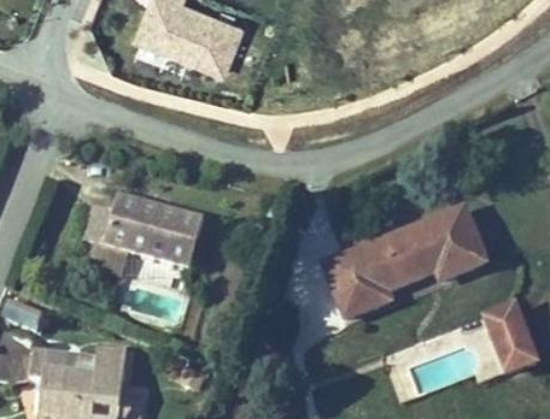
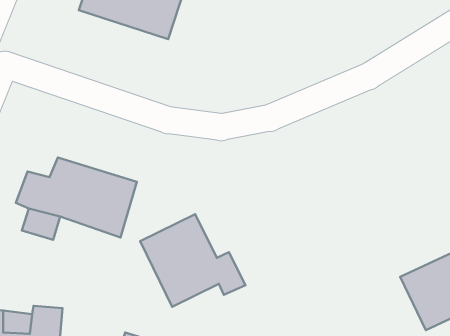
building: [318,200,478,320] -> none
building: none -> [140,214,245,307]

